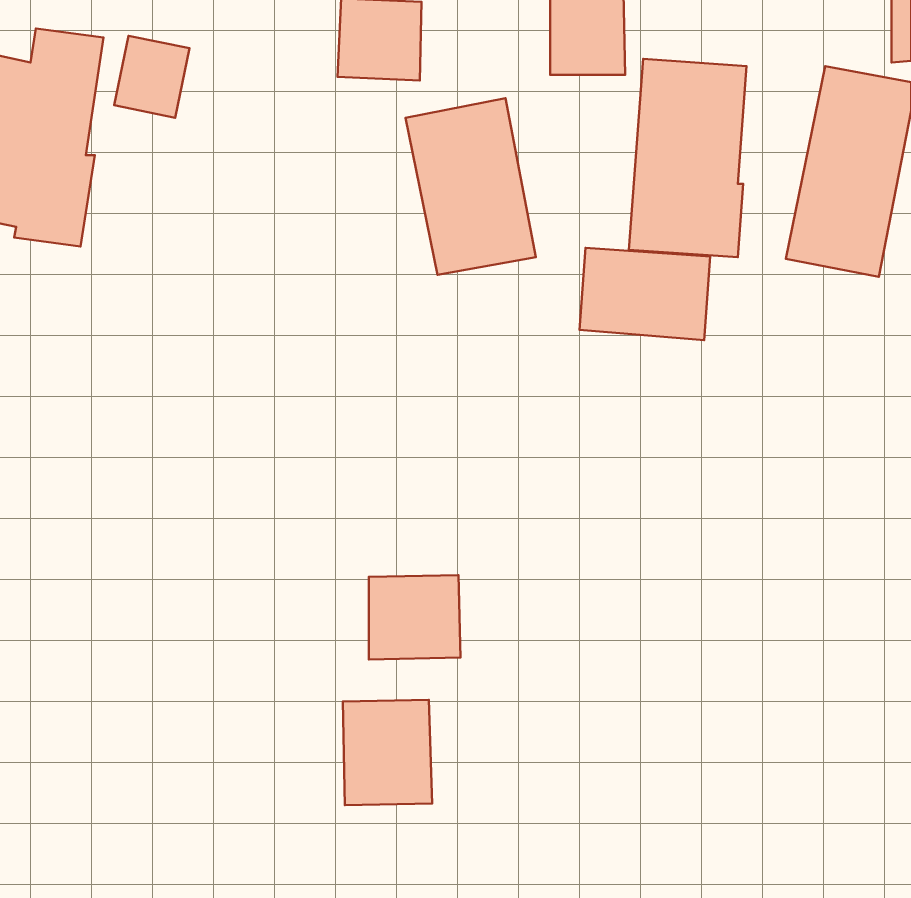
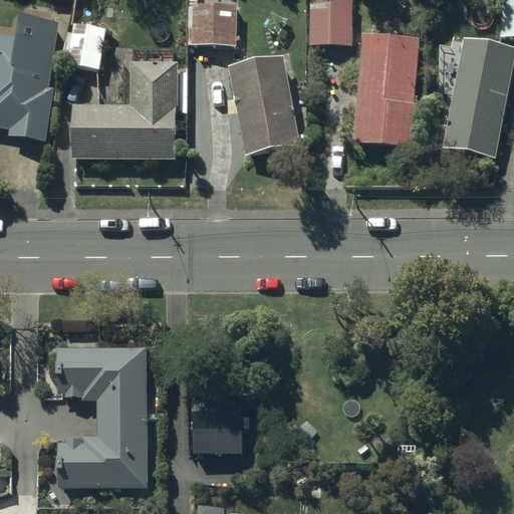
building: none -> [72,46,179,159]
building: [580,248,710,340] -> none
building: [369,575,460,659] -> none
building: none -> [58,347,158,488]

